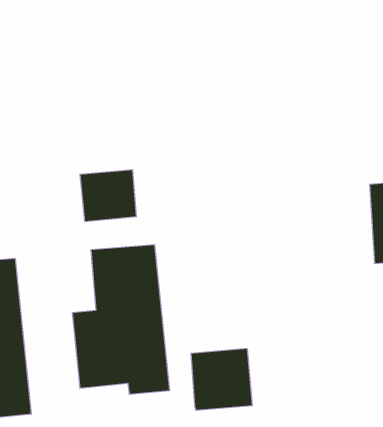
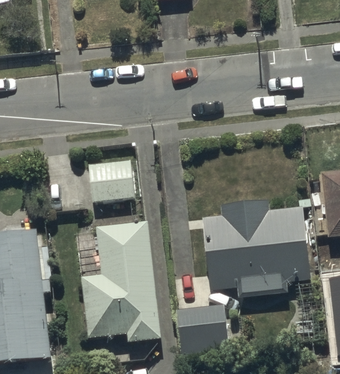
building: none -> [201,194,309,292]

